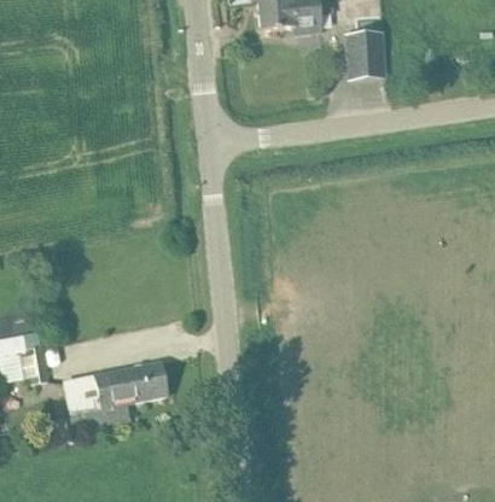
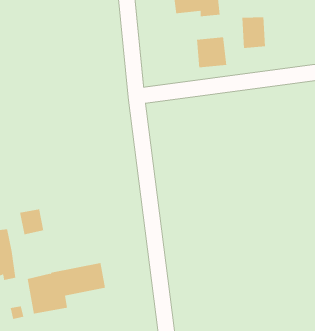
building: none -> [196,36,227,68]
building: none -> [20,208,44,235]

